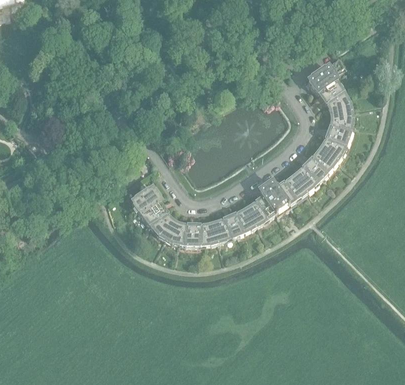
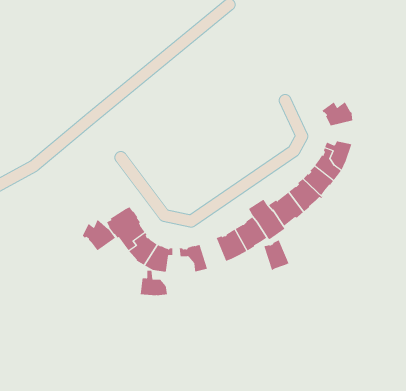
building: [306,59,344,101] -> none
building: [327,110,353,132] -> none
building: none -> [82,219,116,251]
building: [214,215,238,243] -> [264,240,290,271]
building: [184,224,209,247] -> [140,270,168,296]

